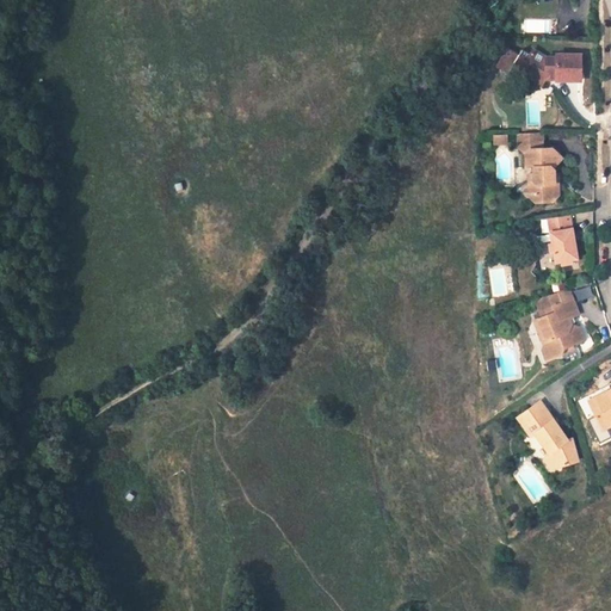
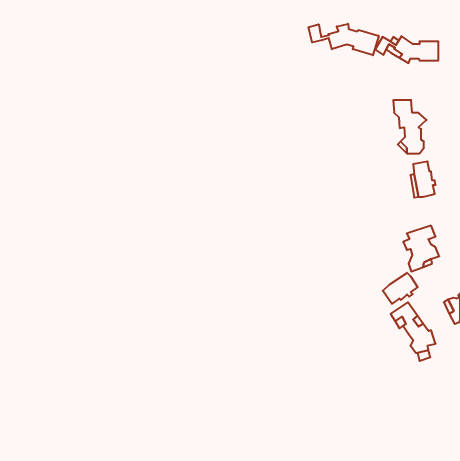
building: none -> [308,24,379,55]
building: none -> [383,273,418,304]

